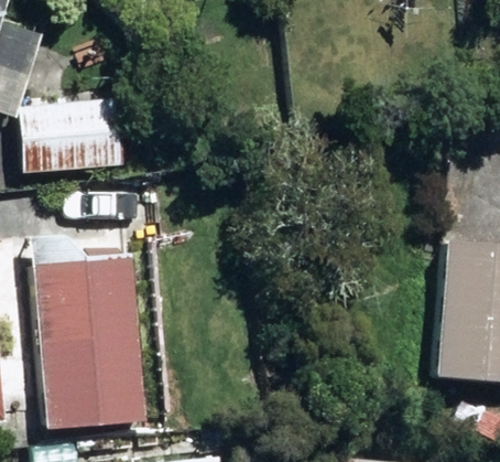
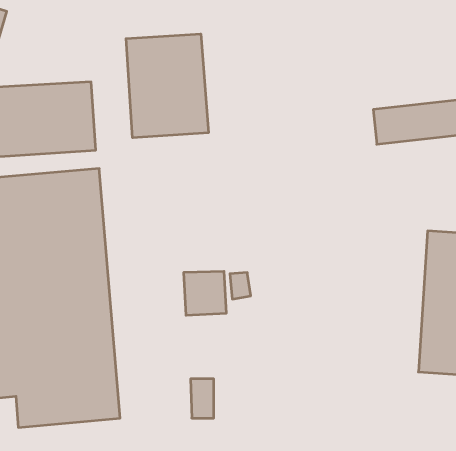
building: none -> [126,34,208,138]

